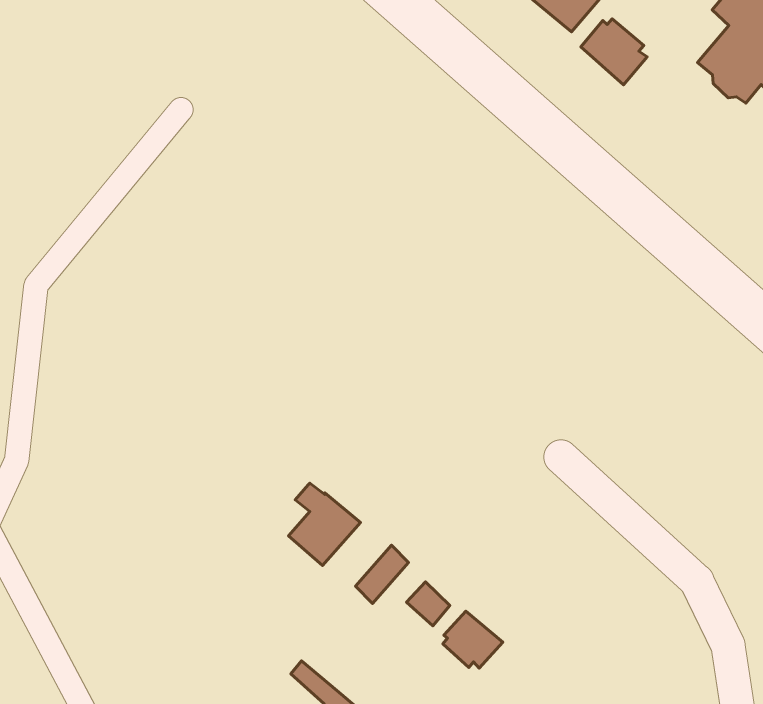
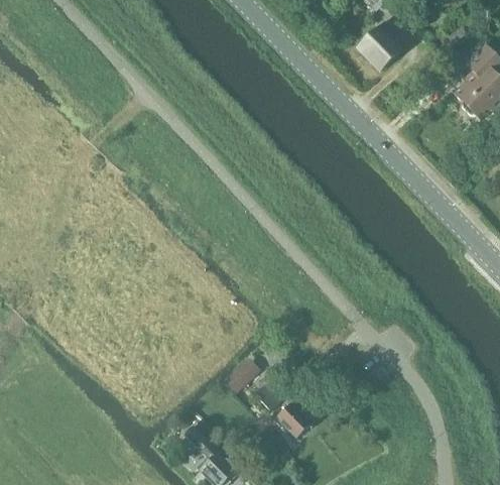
building: [581,19,647,85] -> none
building: [288,483,360,566] -> none

